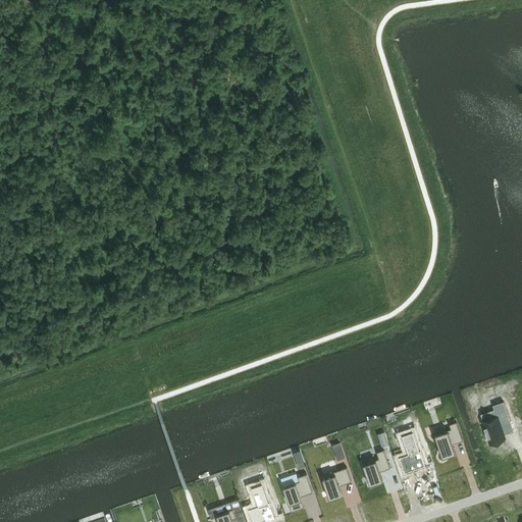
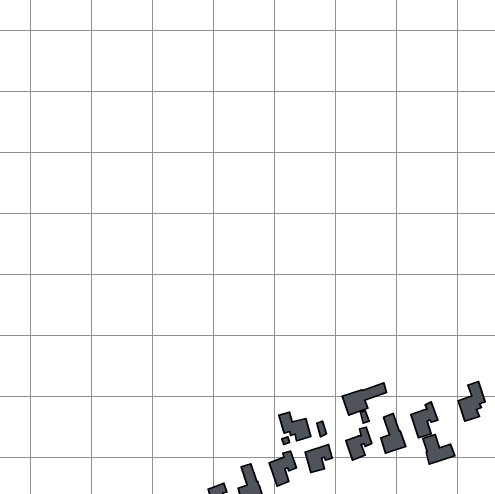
building: none -> [342,383,386,415]
building: none -> [279,412,311,441]
building: none -> [423,435,455,464]

